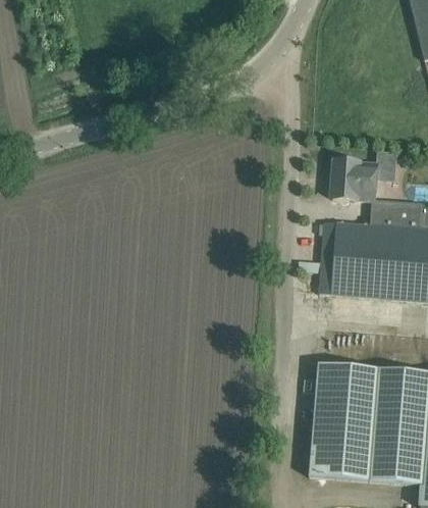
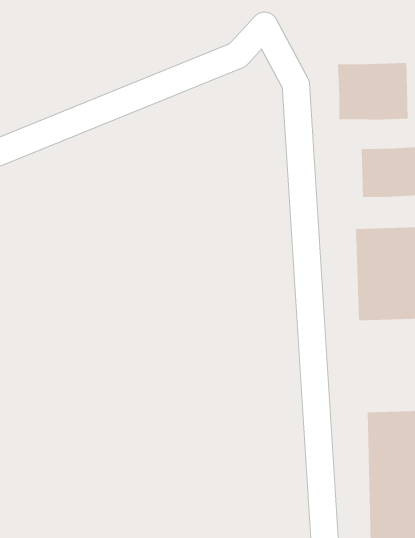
building: none -> [337,62,408,121]

